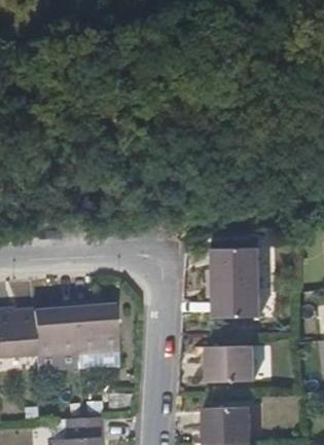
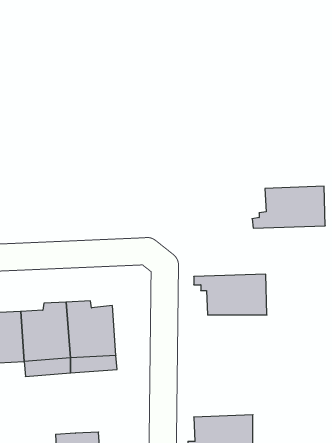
building: [187,247,252,284] -> [252,186,325,228]
building: [181,345,245,382] -> none

